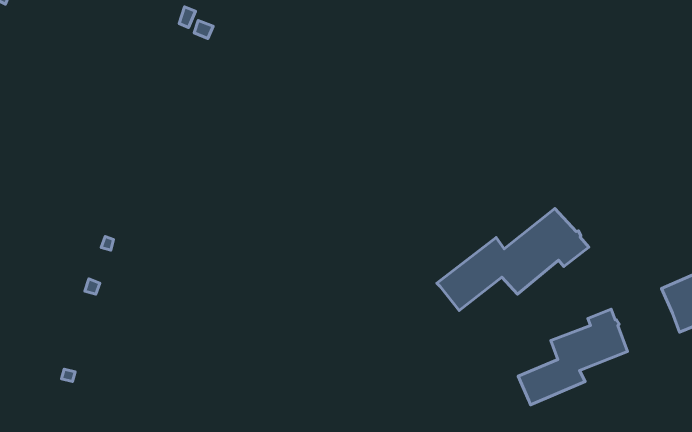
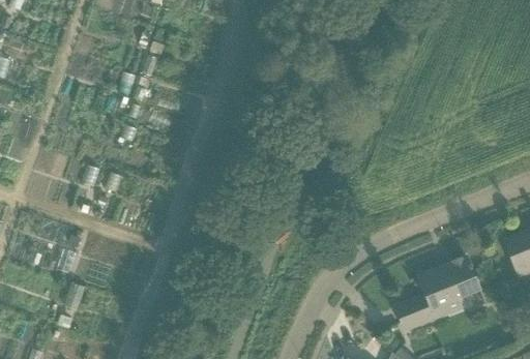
building: [437,208,589,311] -> none

